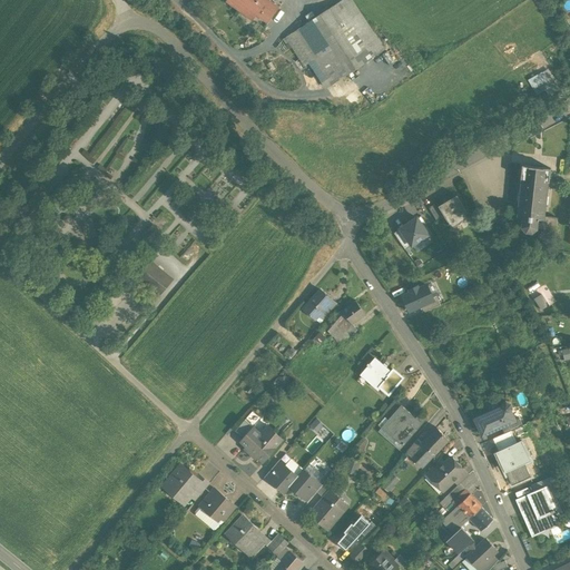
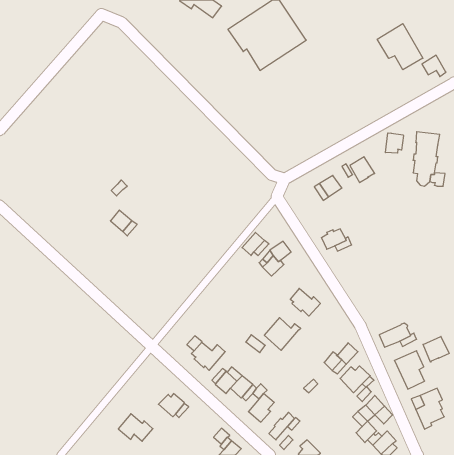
building: none -> [377,24,423,70]
building: none -> [385,133,404,153]
building: [381,405,426,446] -> [264,318,301,350]
building: none -> [423,336,449,362]
building: [165,465,208,500] -> [118,414,153,441]
building: [225,515,264,558] -> none

